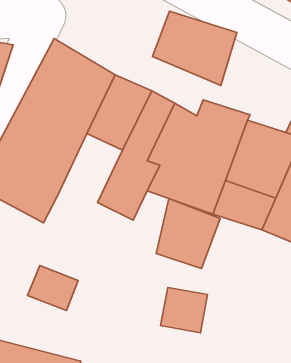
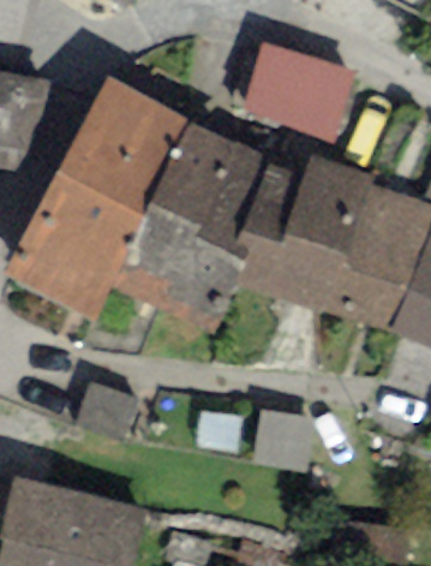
building: none -> [112,201,200,310]
building: [156,199,220,268] -> none

